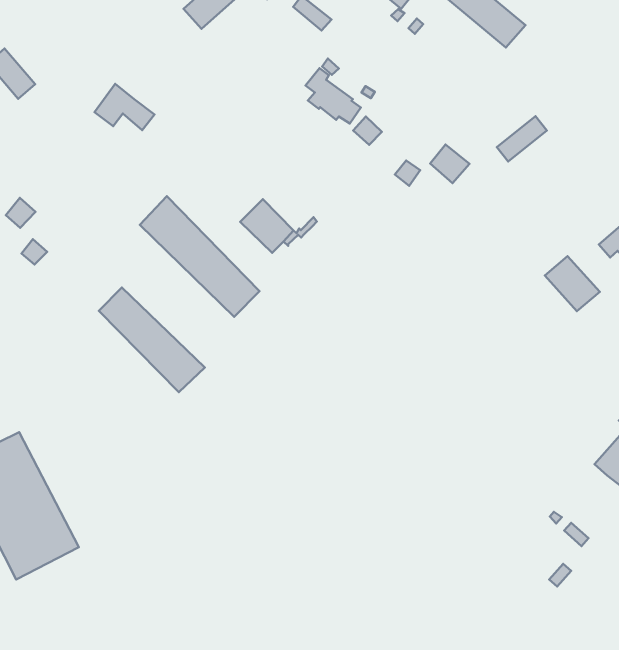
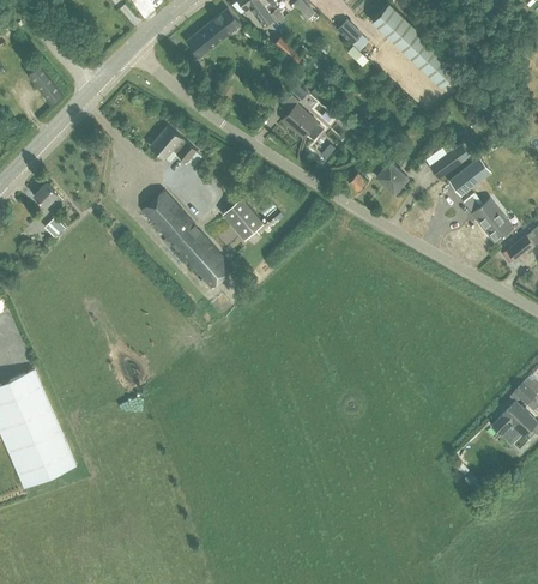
building: [94,84,155,130] -> [150,125,198,163]
building: none -> [448,157,491,197]
building: [545,256,600,311] -> [470,198,513,242]
building: [99,287,205,392] -> none

